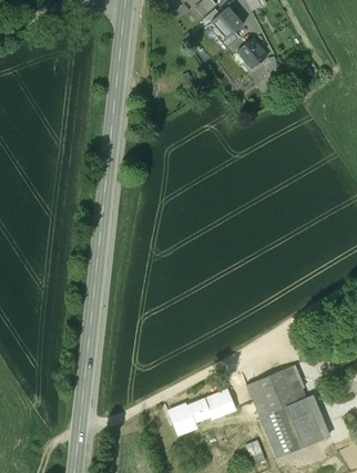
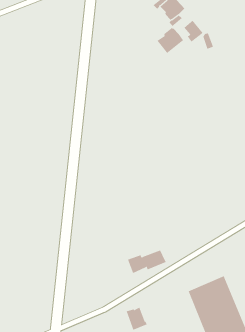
building: none -> [157,27,184,54]
building: [186,389,236,422] -> [127,247,166,273]

